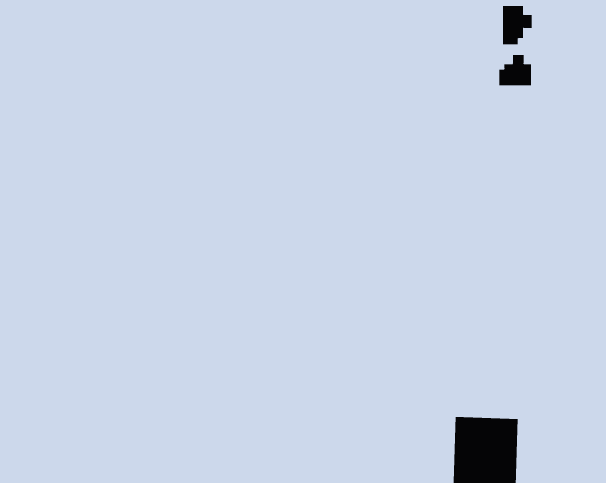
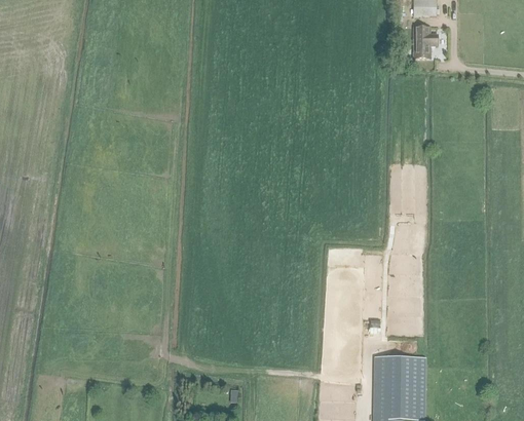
building: [499,54,531,86] -> none

